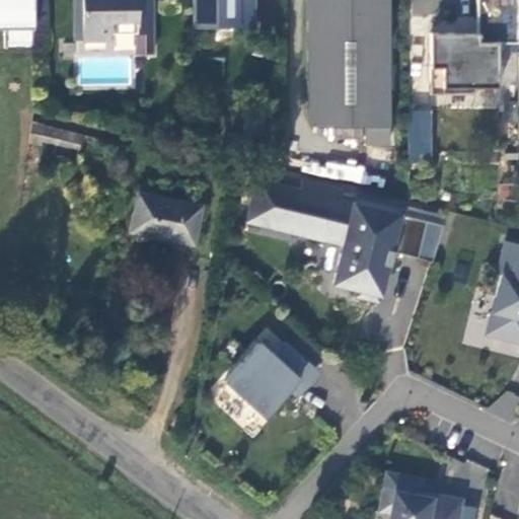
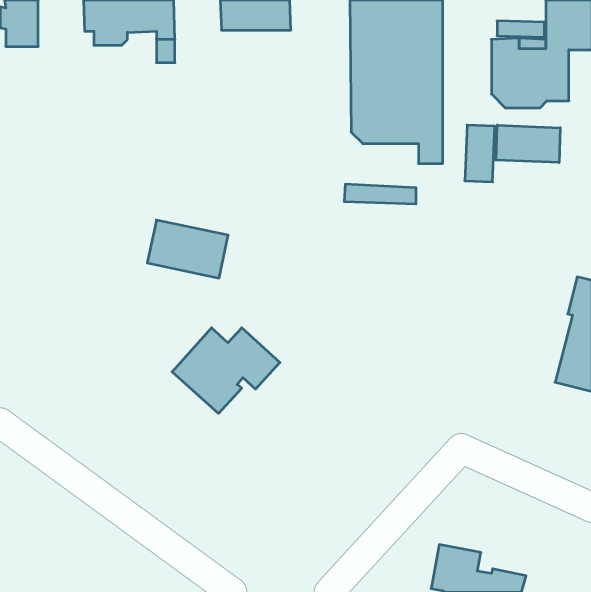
building: none -> [496,125,560,163]
building: [29,122,82,149] -> none
building: [246,180,444,302] -> none
building: [224,344,318,419] -> [172,328,280,413]

